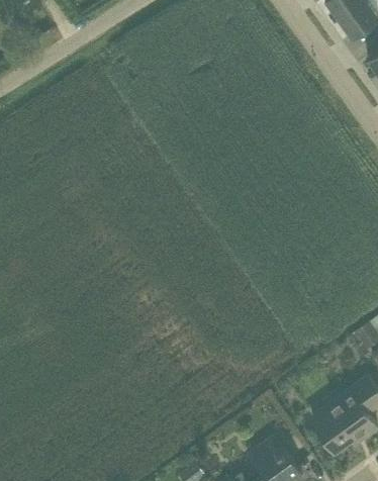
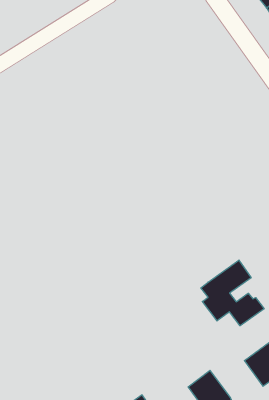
building: none -> [201,260,264,326]

